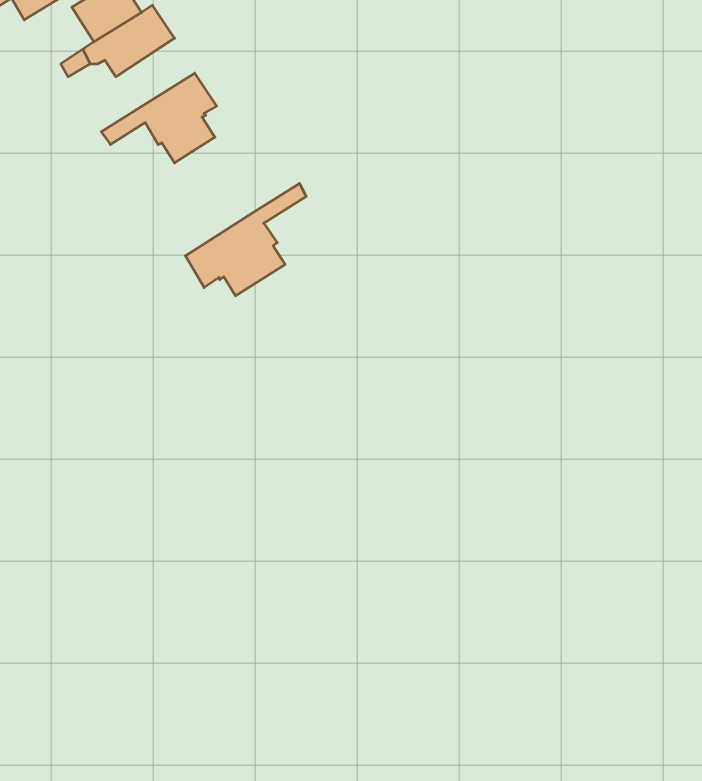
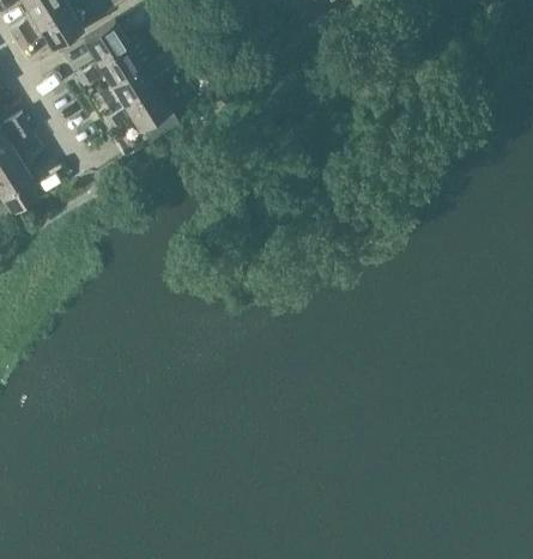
building: none -> [110,59,162,105]
building: [185,183,306,296] -> none

